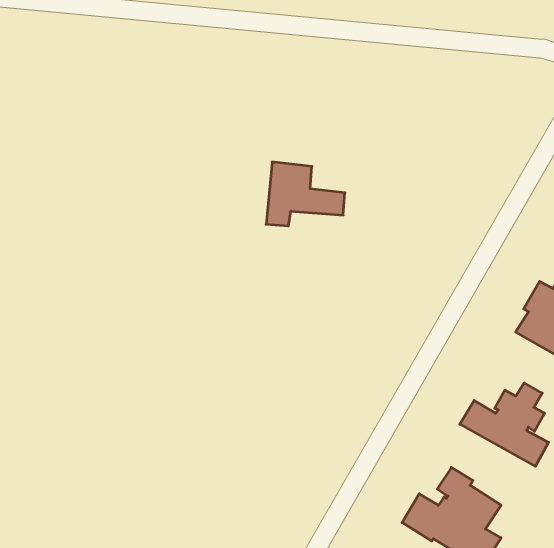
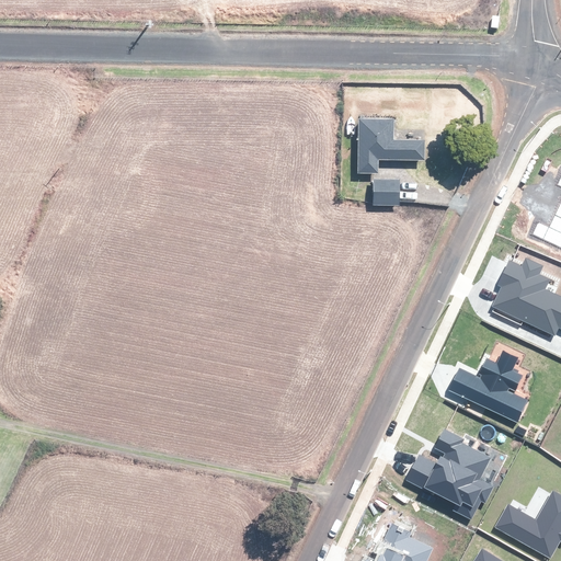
building: [266,162,345,226] -> [357,116,424,171]
building: none -> [373,178,400,204]

